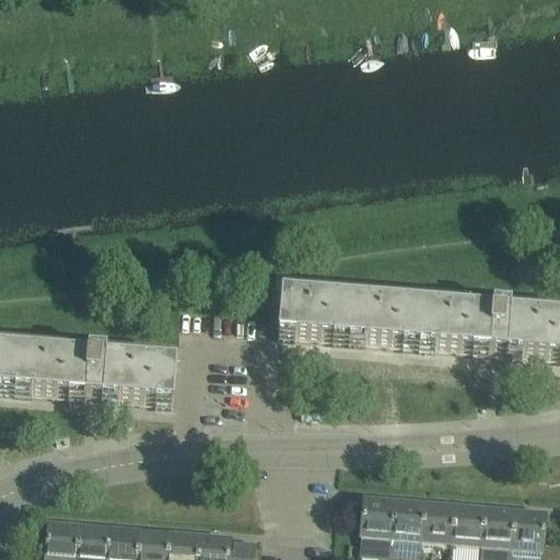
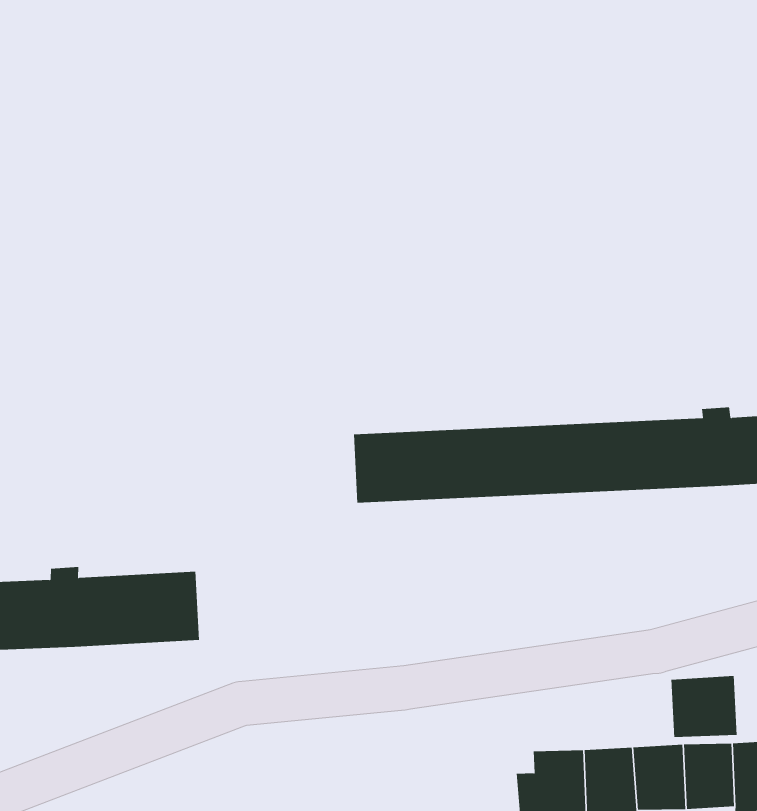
building: none -> [671,675,737,738]

